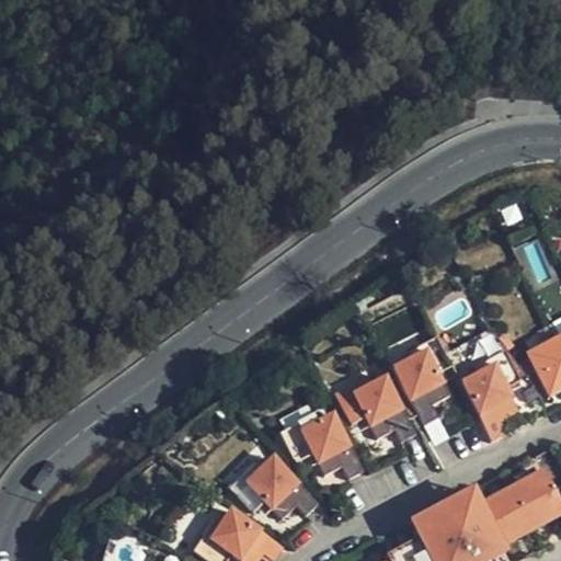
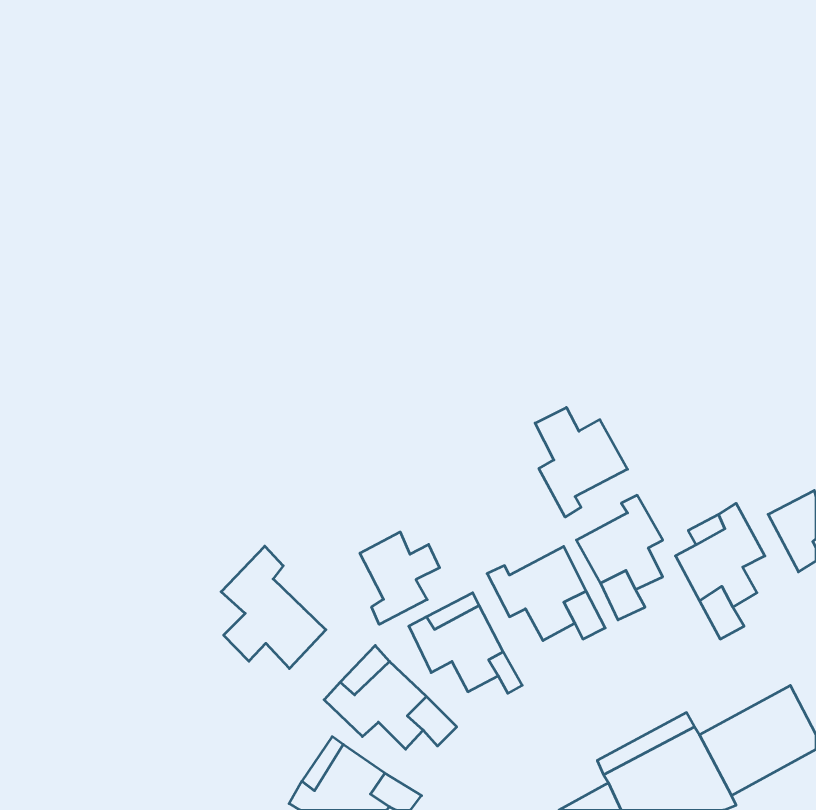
building: none -> [535,407,628,517]
building: none -> [360,532,440,624]
building: none -> [221,546,326,669]

